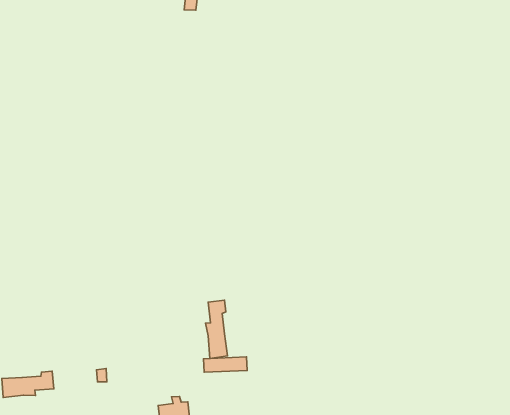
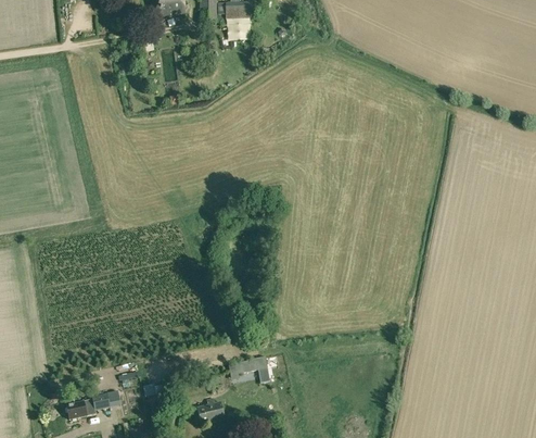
building: [206,300,227,358] -> none

